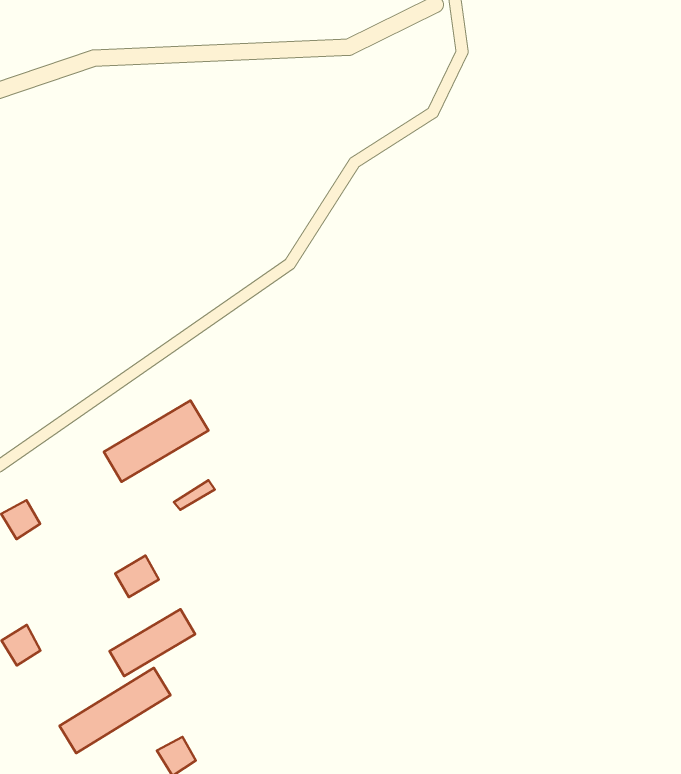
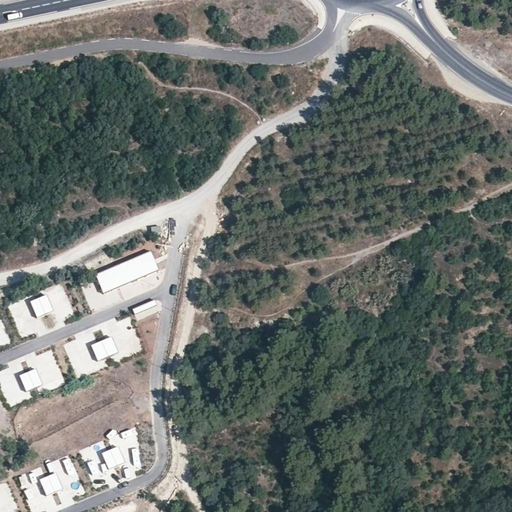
building: [109,609,195,676] -> none
building: [60,668,171,753] -> none

